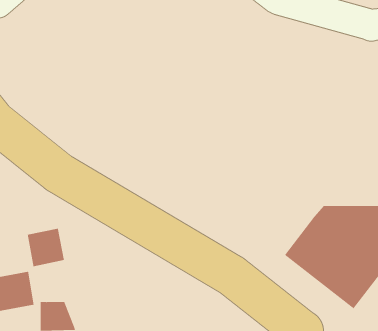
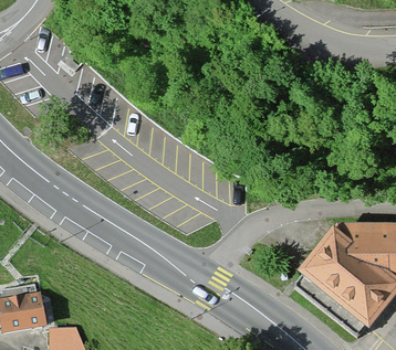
building: [27,228,64,267] -> none

